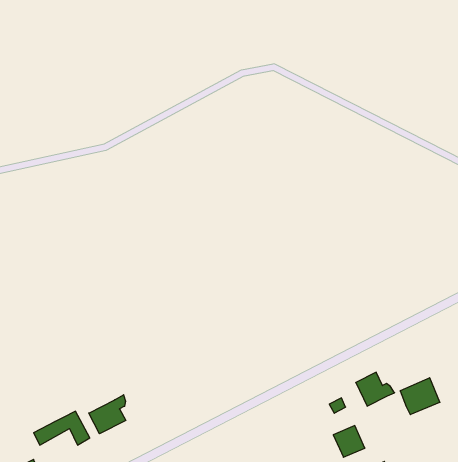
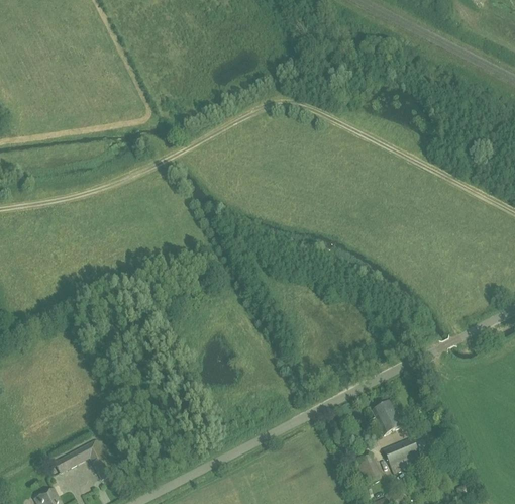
building: [400,378,440,415] -> [382,434,421,471]
building: [89,395,126,434] -> none

